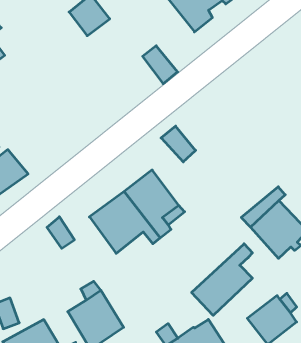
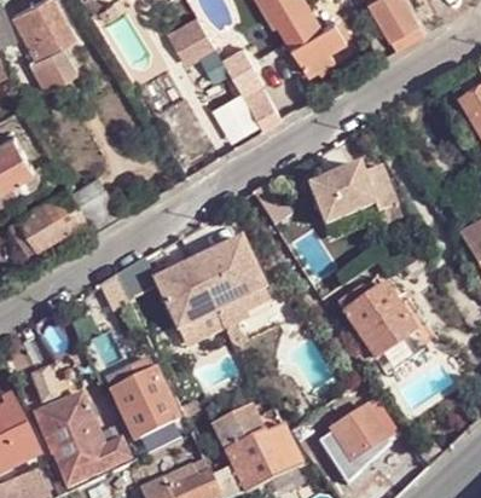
building: none -> [219,40,265,93]
building: none -> [207,88,251,135]
building: none -> [308,167,396,226]
building: [192,244,252,315] -> none

